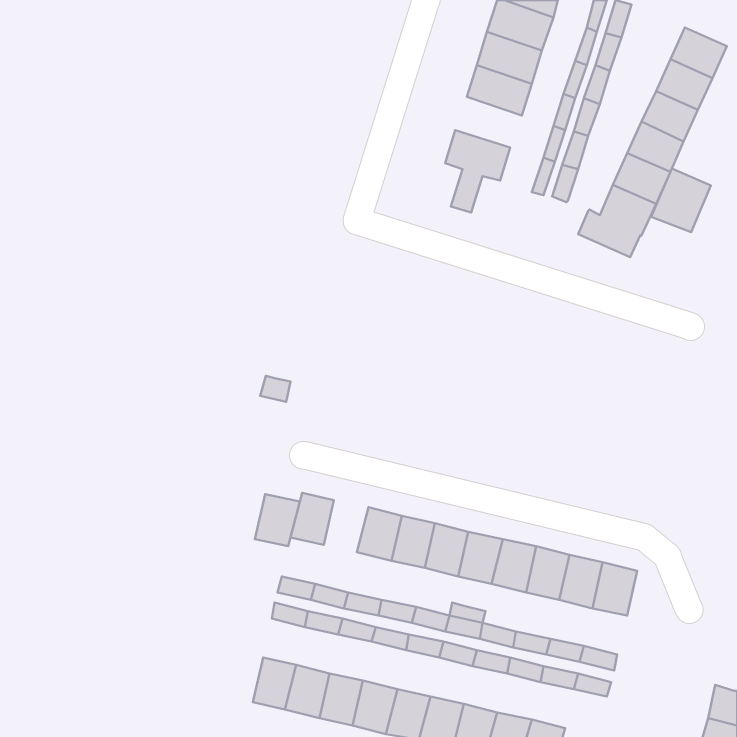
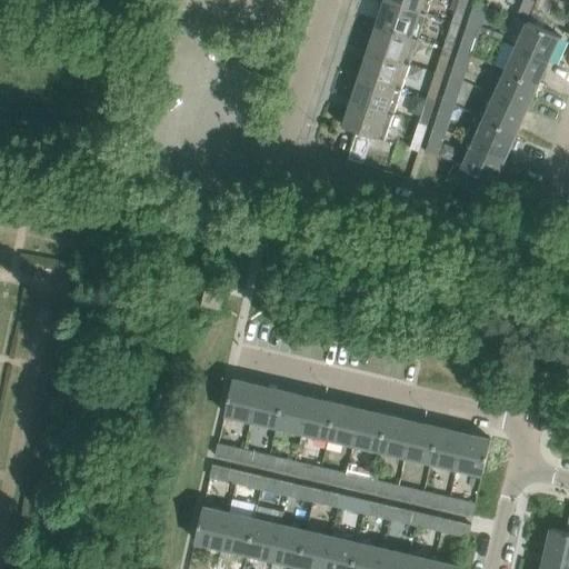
building: none -> [350,76,401,114]
building: [651,169,711,232] -> none
building: [255,494,300,546] -> [249,386,283,426]

